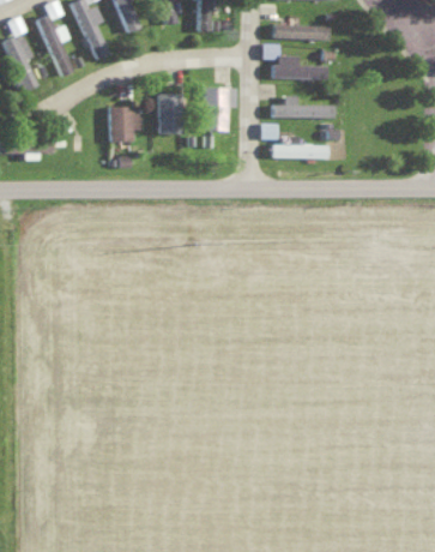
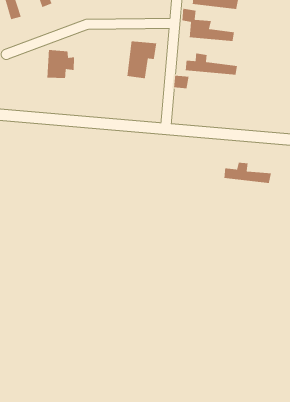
building: [157,94,182,134] -> none
building: [271,136,327,158] -> [224,162,272,184]

